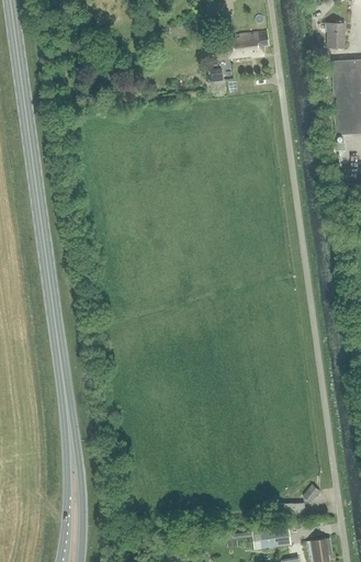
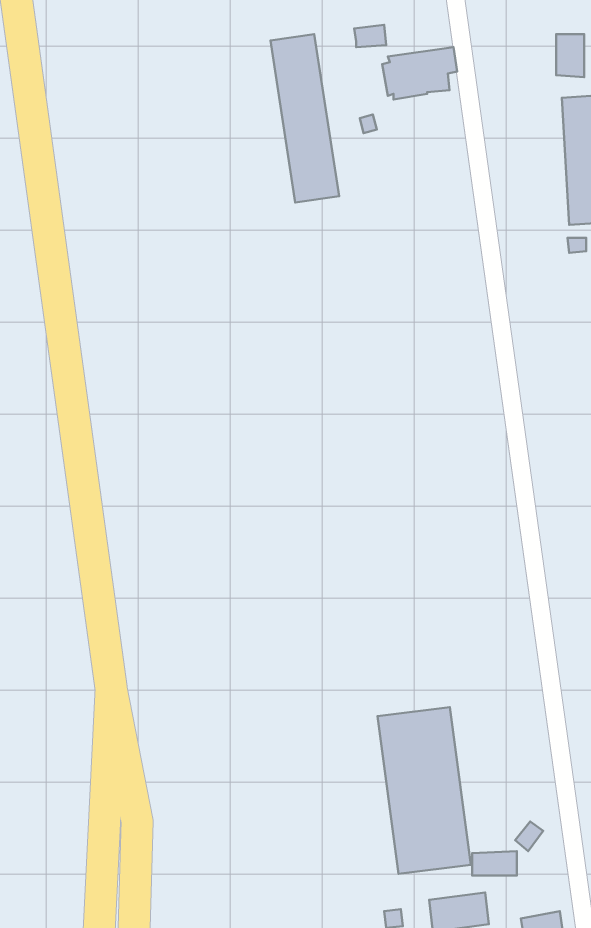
building: none -> [270,34,339,202]
building: none -> [378,707,471,874]

